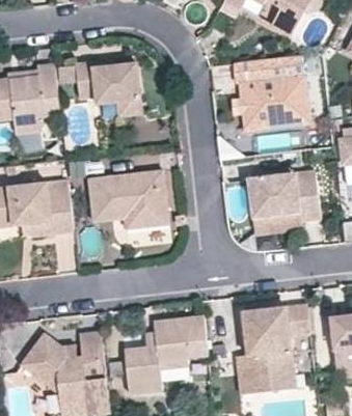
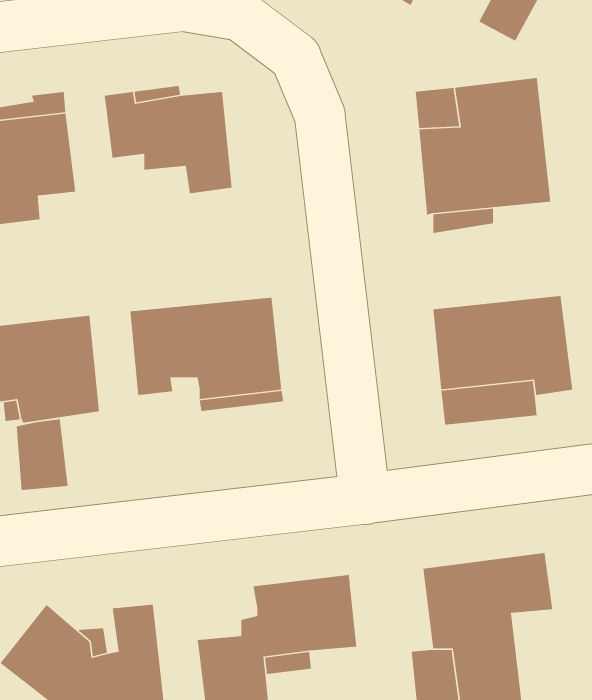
building: none -> [16,418,68,491]

